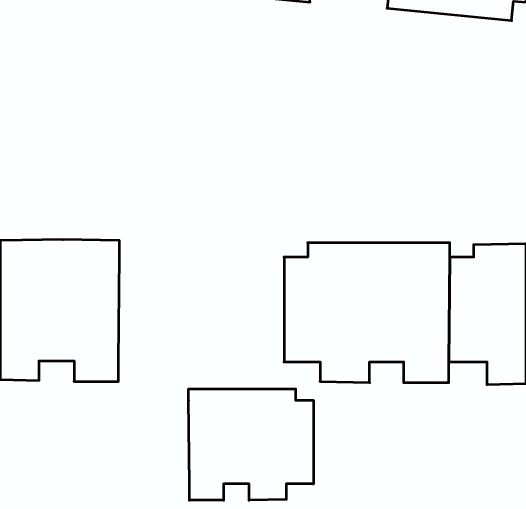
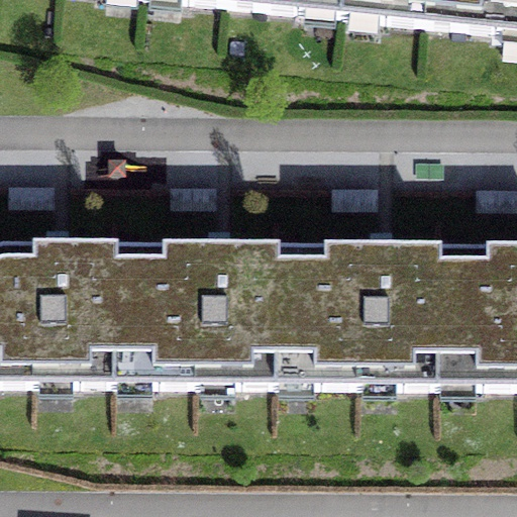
building: none -> [116,237,279,375]
building: [189,389,313,500] -> none

